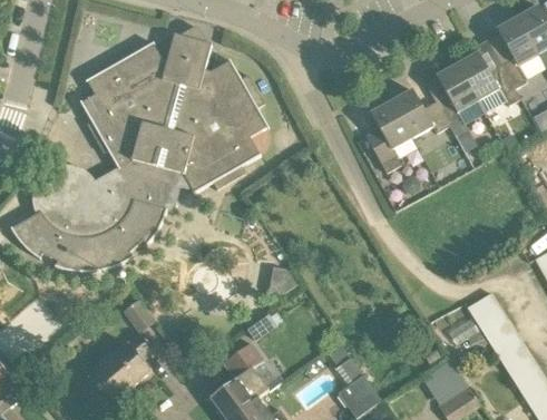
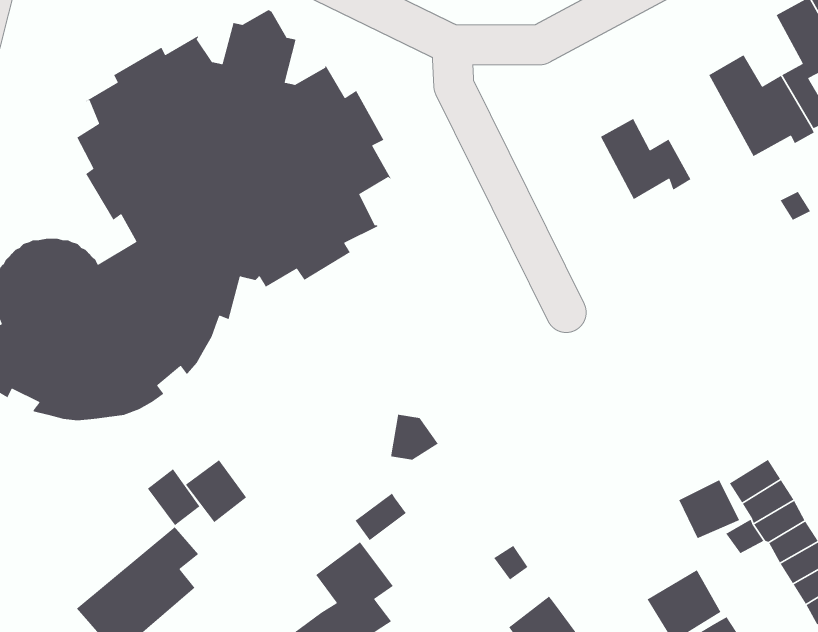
building: [433,64,483,144] -> none
building: [365,100,412,173] -> none
building: none -> [185,459,247,523]

